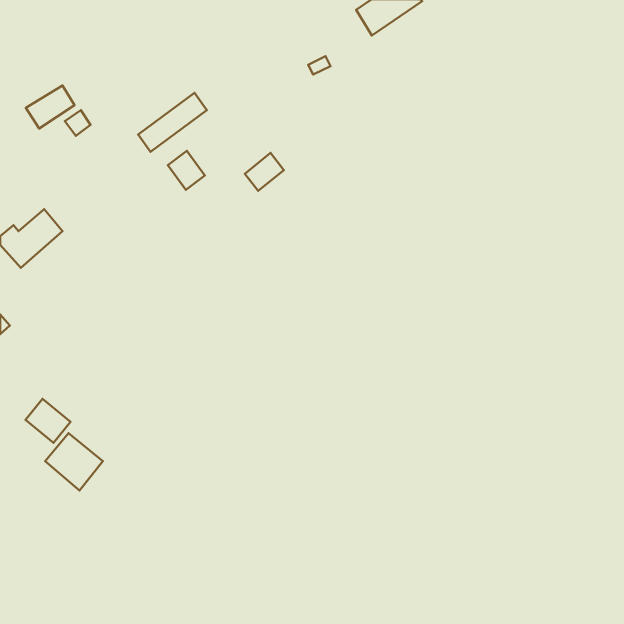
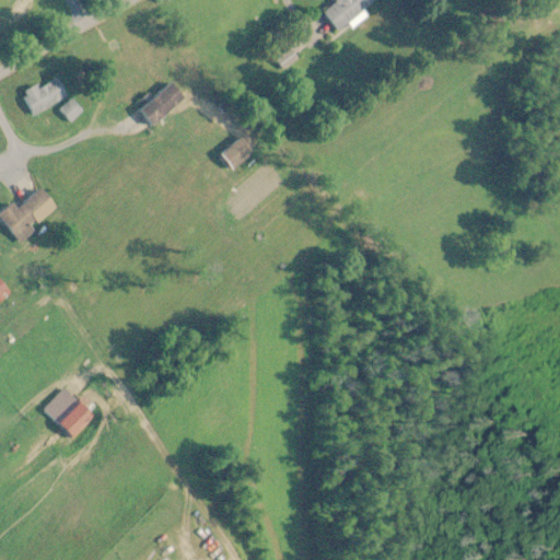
building: [168,151,205,190] -> none
building: [26,399,71,443] -> none

